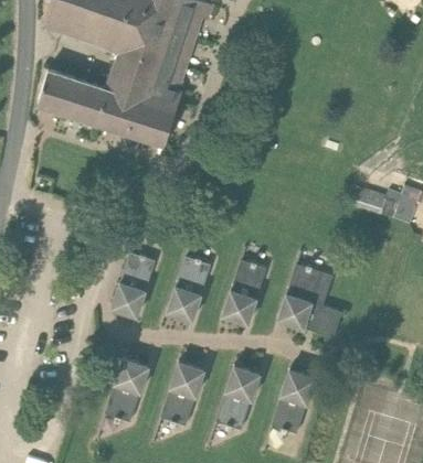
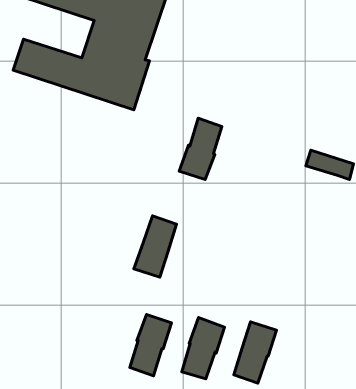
building: [112,252,156,317] -> none
building: [221,260,266,325] -> [179,118,222,180]
building: [276,265,342,338] -> none
building: [105,358,149,422] -> none

